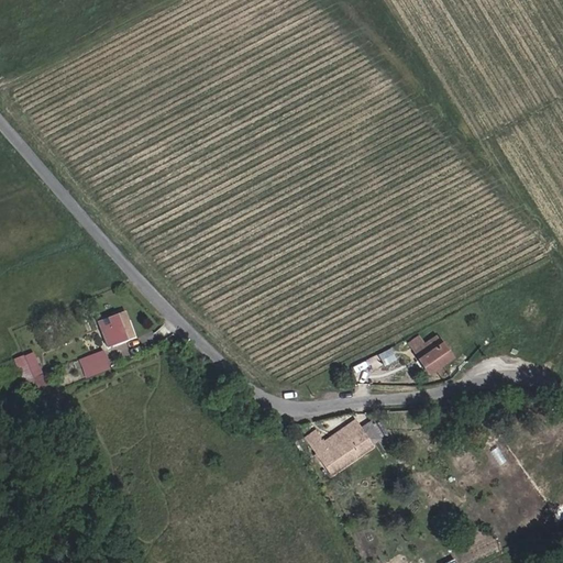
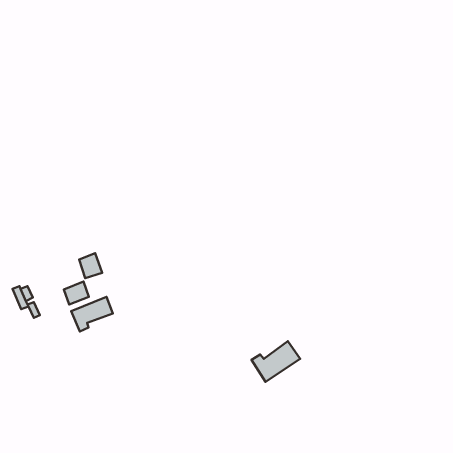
building: [409,334,452,372] -> none
building: none -> [71,297,113,331]

